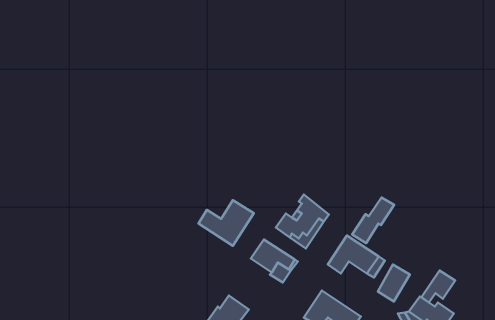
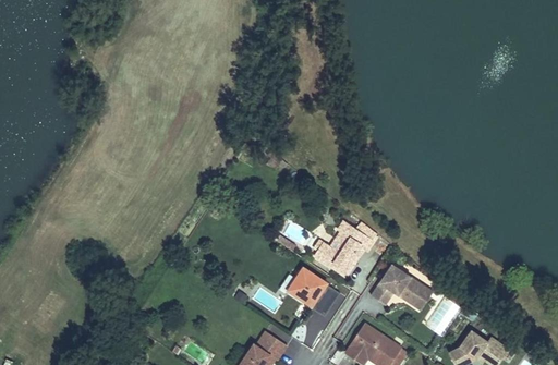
building: [352,198,394,243] -> none
building: [199,200,254,246] -> none
building: [421,271,455,303] -> none

